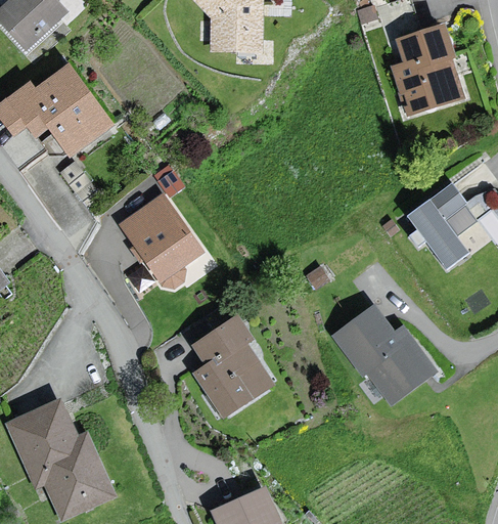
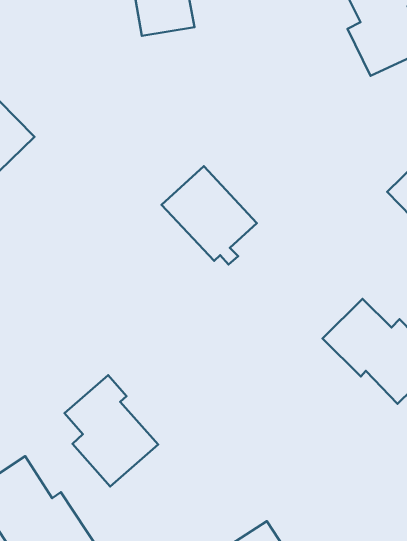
building: [121,195,201,285] -> [161,166,257,265]
building: [193,318,271,416] -> [64,375,158,486]

